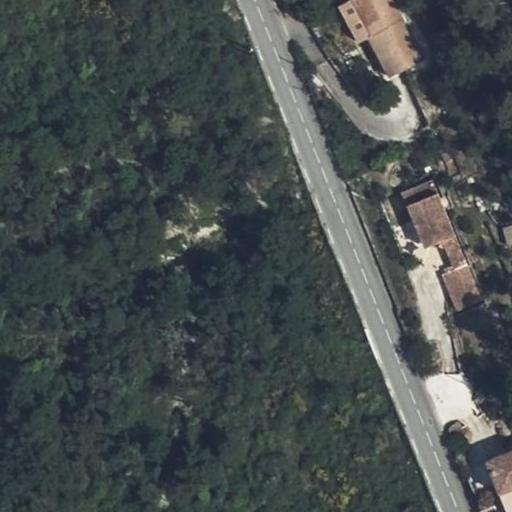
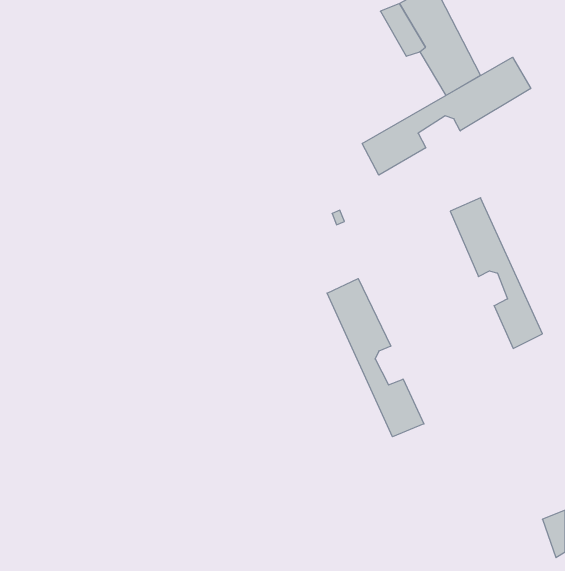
building: none -> [362,57,531,175]
building: none -> [327,279,424,437]

